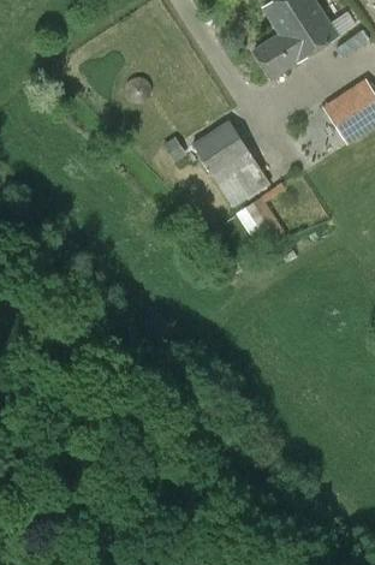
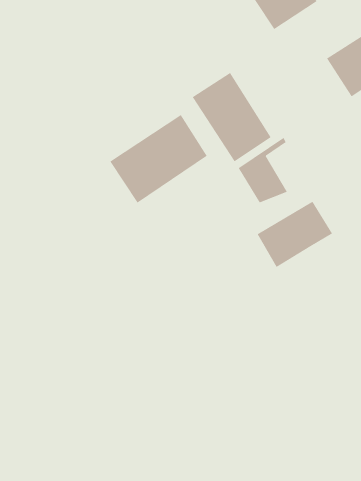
building: none -> [109,114,208,203]
building: none -> [257,201,333,268]

